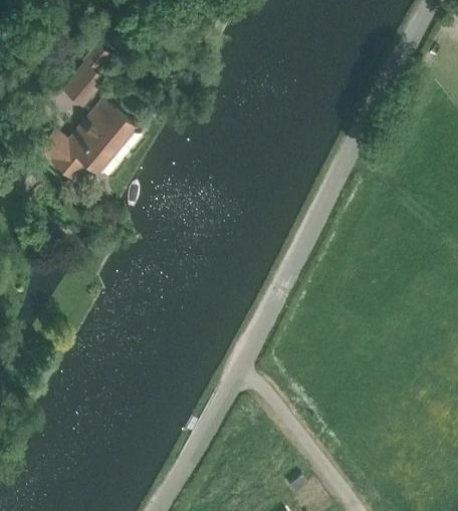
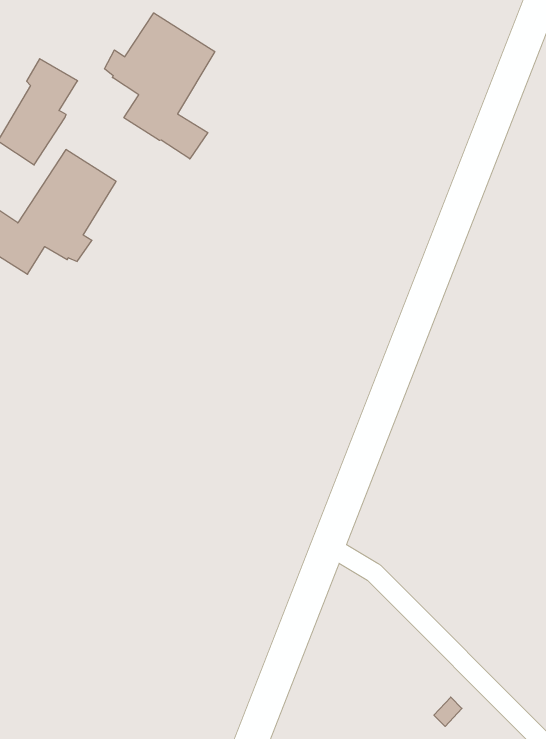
building: none -> [105,13,215,159]

